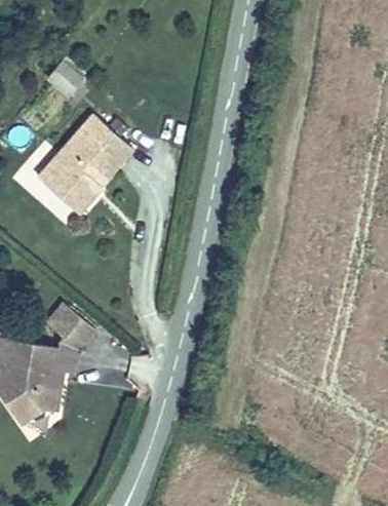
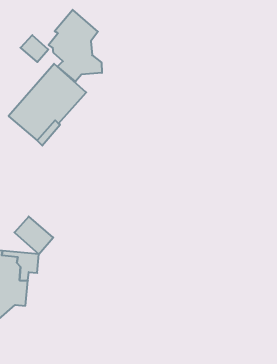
building: none -> [49,10,102,82]

